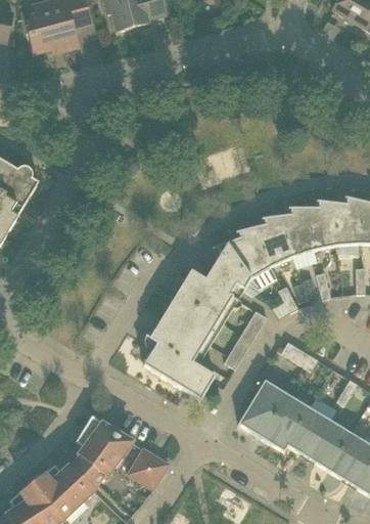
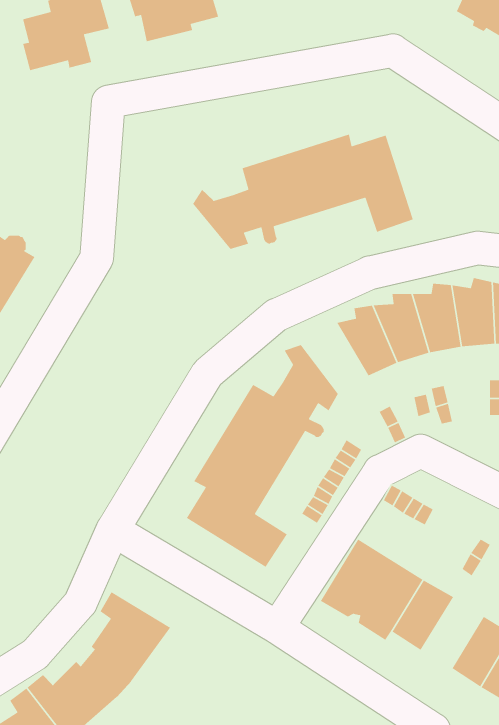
building: none -> [192,133,414,250]
building: [224,227,271,277] -> none
building: [308,420,352,470] -> none
building: [127,447,169,489] -> none

